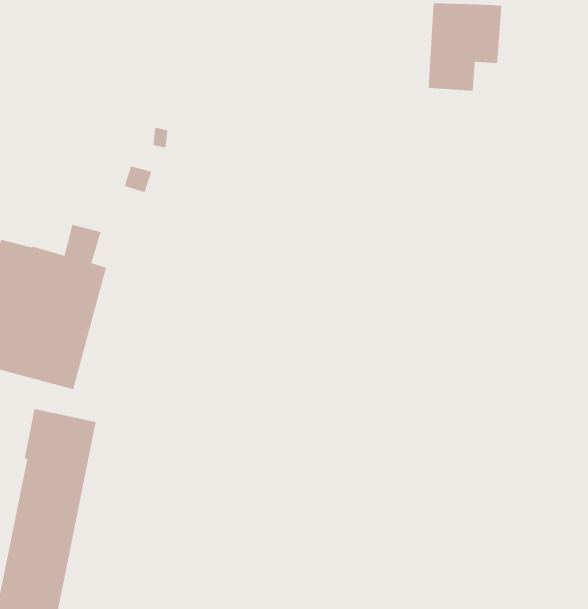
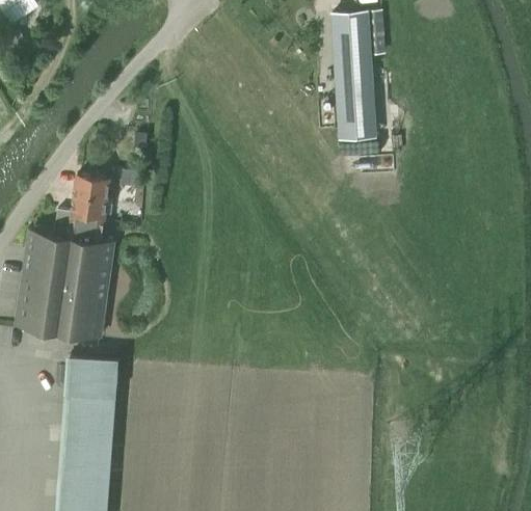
building: none -> [336,96,368,141]
building: none -> [53,178,109,240]

